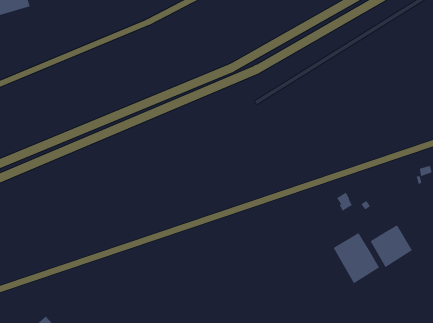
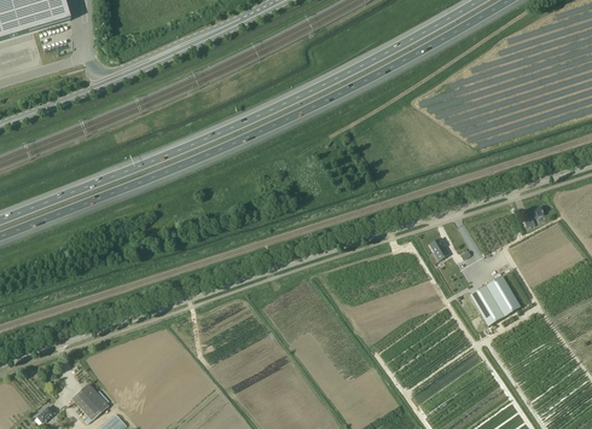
building: [333,232,380,284] -> none

